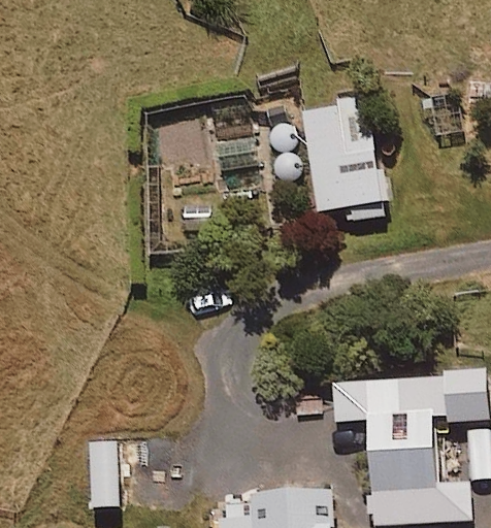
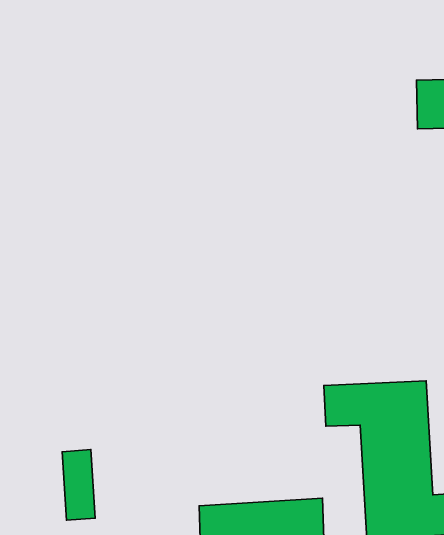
building: [304,104,382,220] -> none

